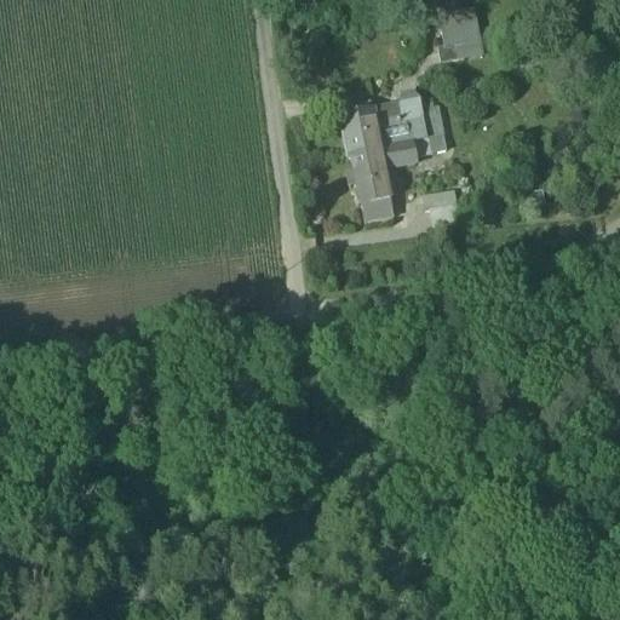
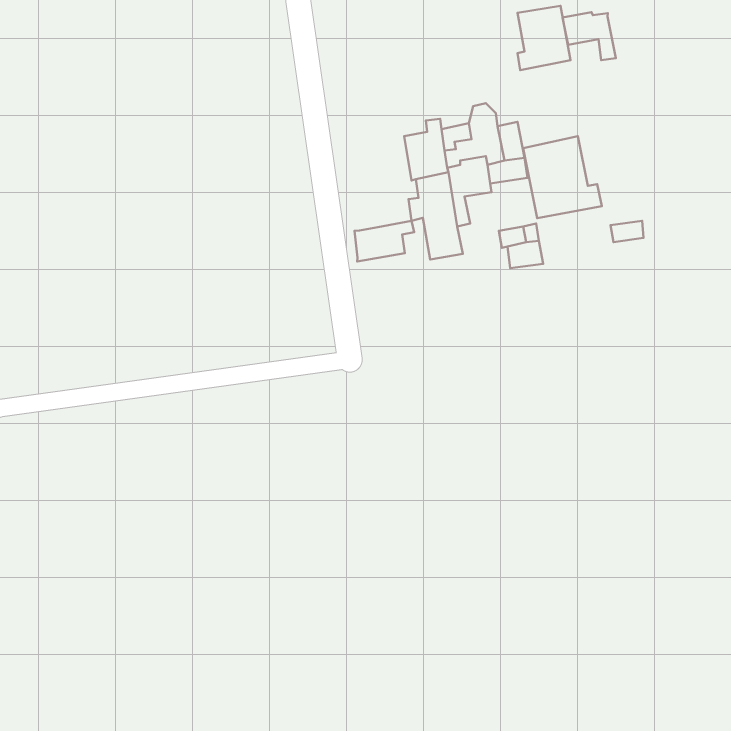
building: none -> [563,12,616,60]
building: none -> [523,136,602,218]
building: none -> [355,221,414,262]

